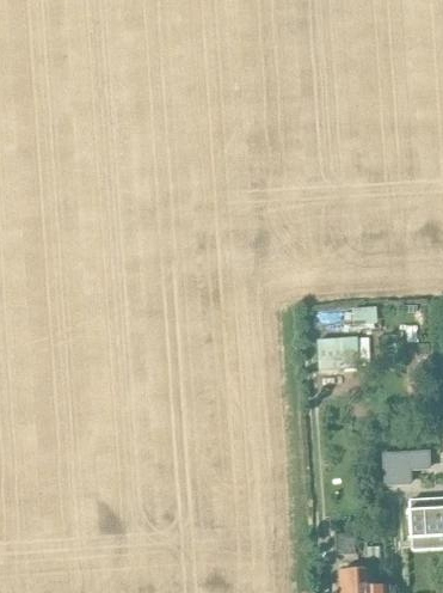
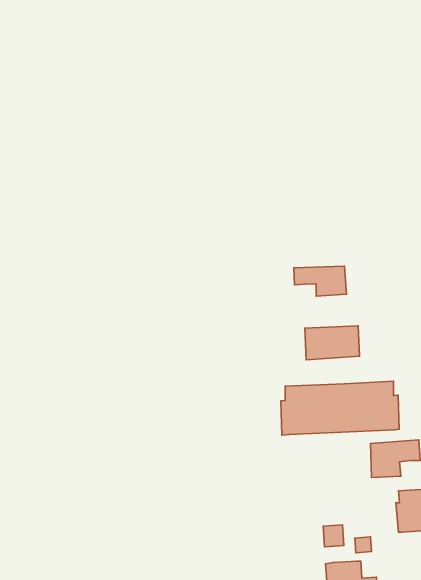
building: none -> [294,266,347,296]
building: none -> [281,381,399,435]

